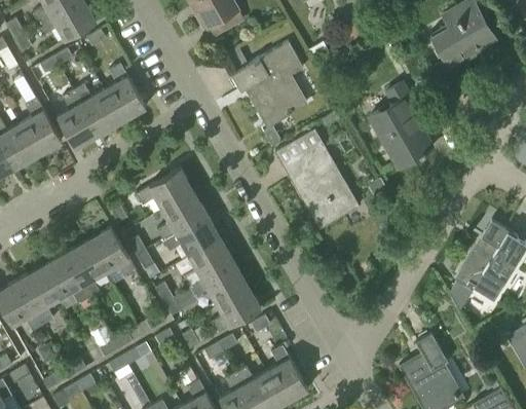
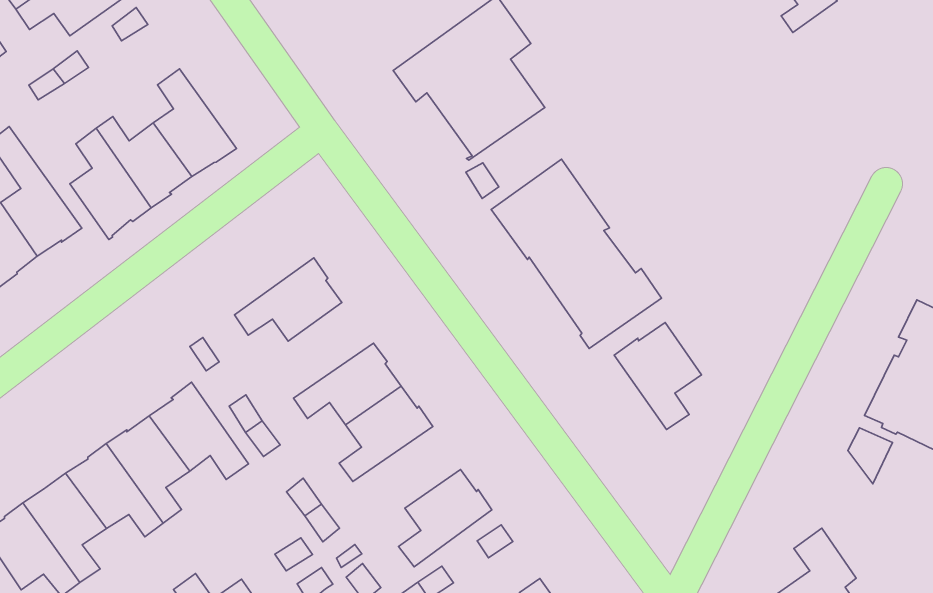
building: [370,82,430,166] -> none
building: [157,192,208,239] -> none
building: none -> [614,322,702,430]
building: [190,261,247,302] -> none

